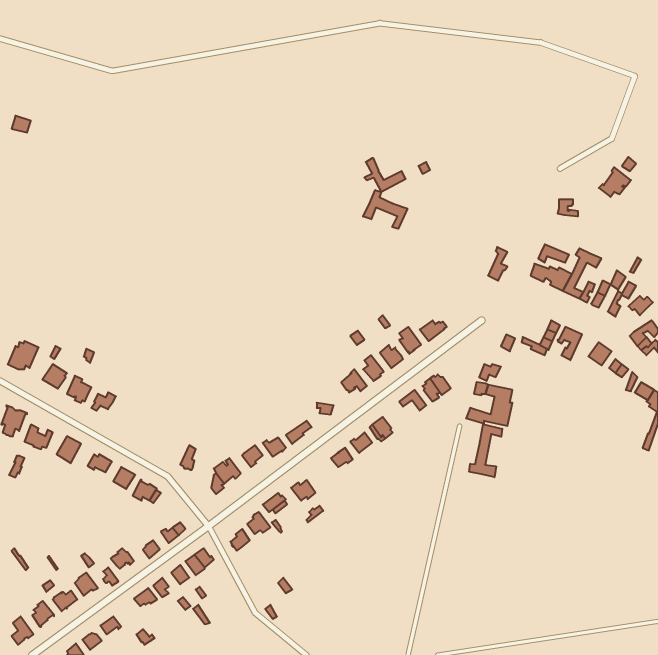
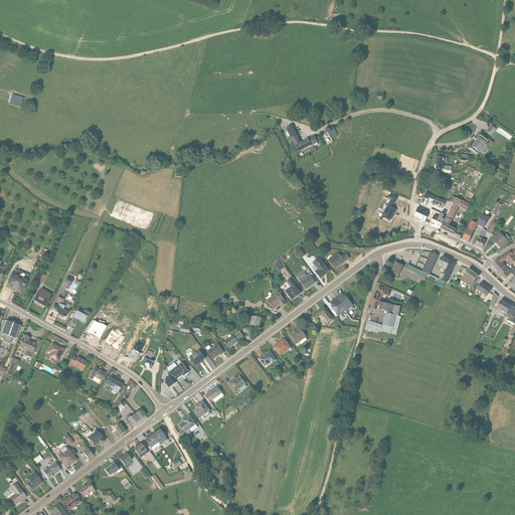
building: [363,190,407,229] -> none
building: [469,424,502,477] -> none

